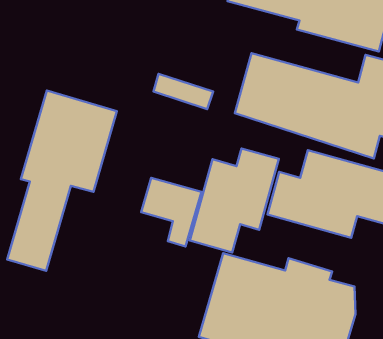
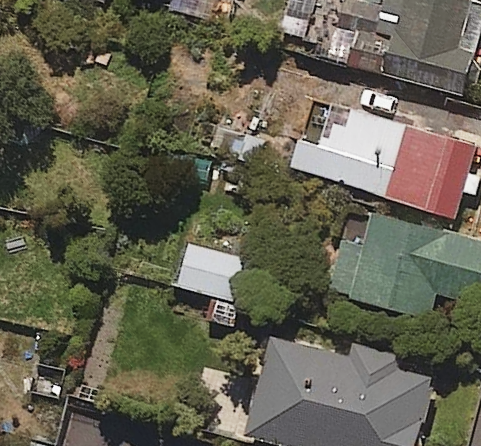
building: [7,91,117,271] -> none
building: [190,148,279,252] -> none

